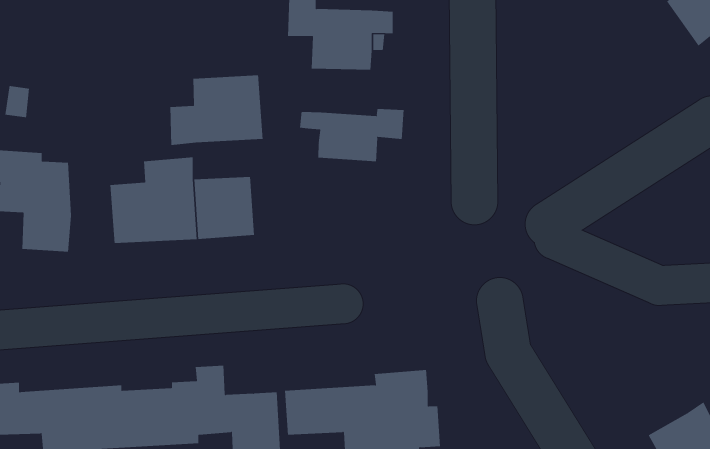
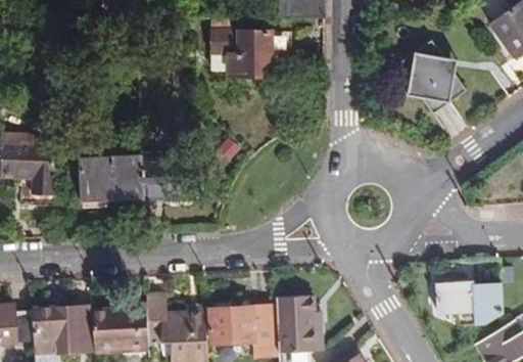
building: none -> [397,38,466,112]
building: [170,74,263,146] -> none
building: [299,108,404,162] -> none
building: none -> [434,281,502,325]

